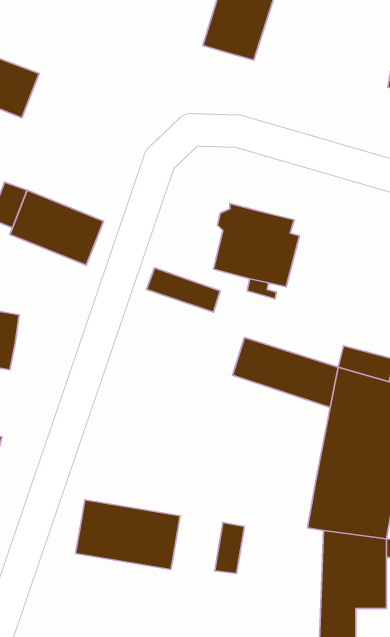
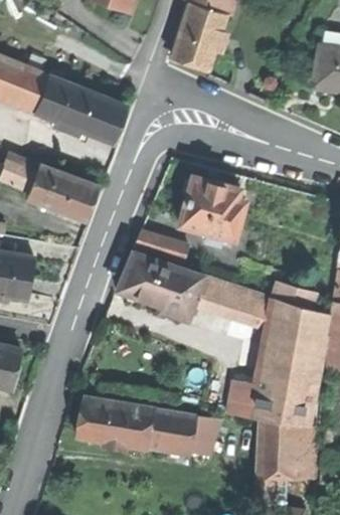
building: none -> [35,76,125,143]
building: none -> [118,250,203,316]
building: none -> [228,380,257,418]
building: none -> [149,409,187,451]

